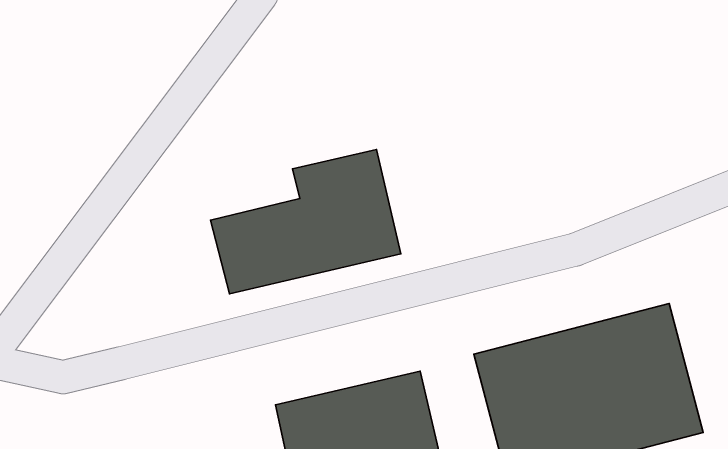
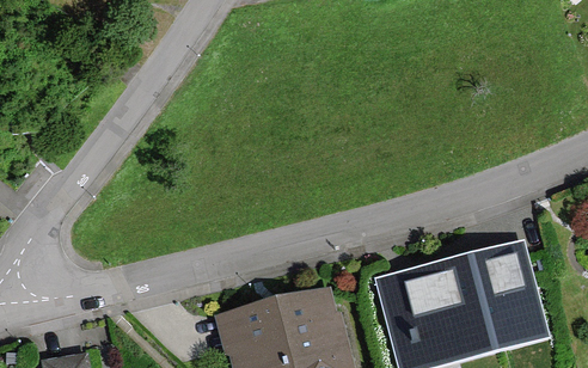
building: [211,150,401,294] -> none

